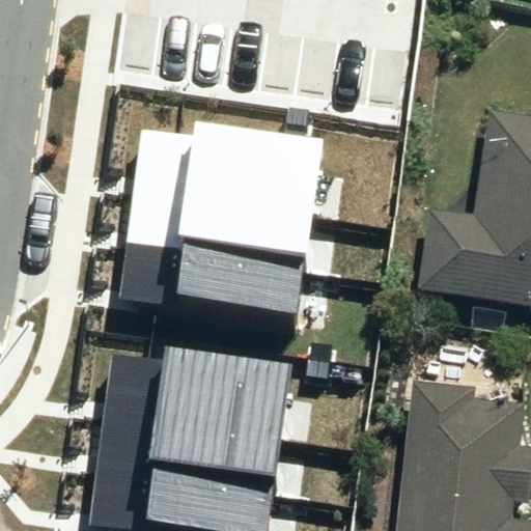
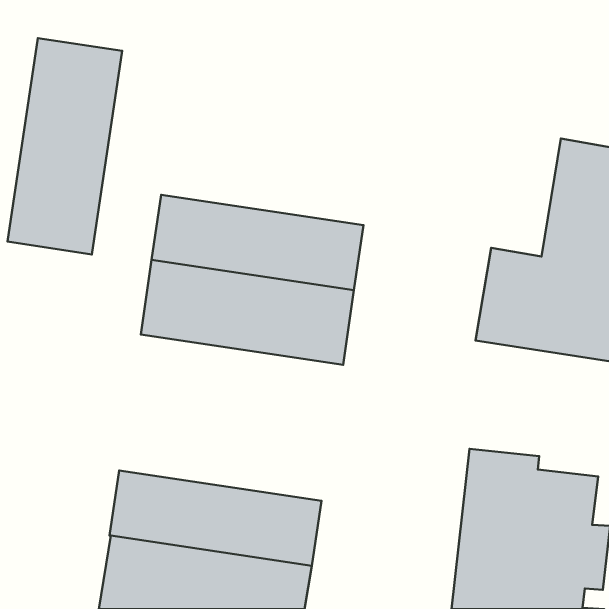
building: none -> [8,38,122,254]
building: [144,110,327,194] -> none
building: [108,346,290,431] -> none

